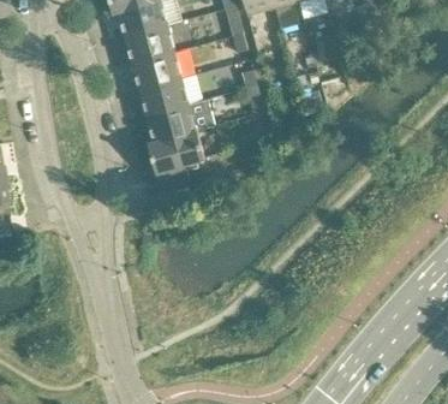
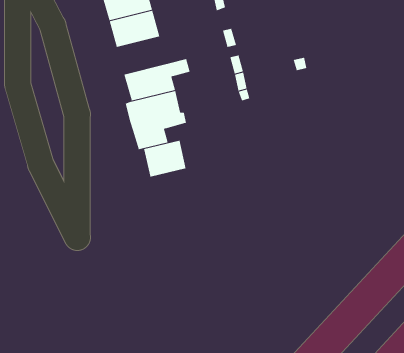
building: [138,78,189,115] -> none
building: none -> [144,140,186,177]

